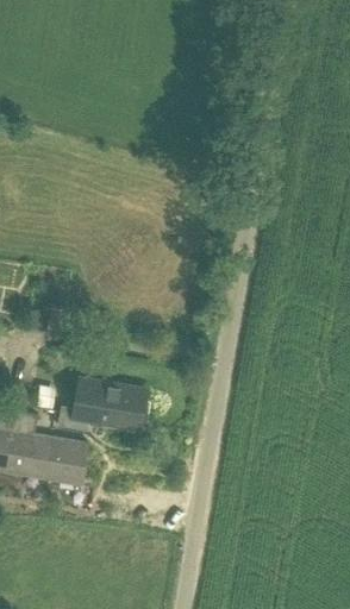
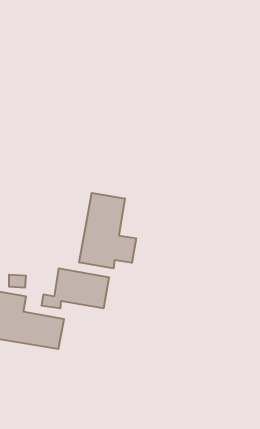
building: none -> [79,193,136,268]

